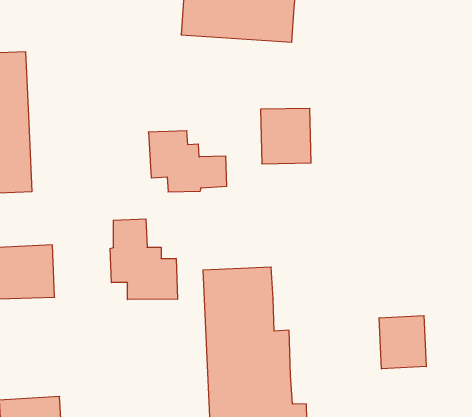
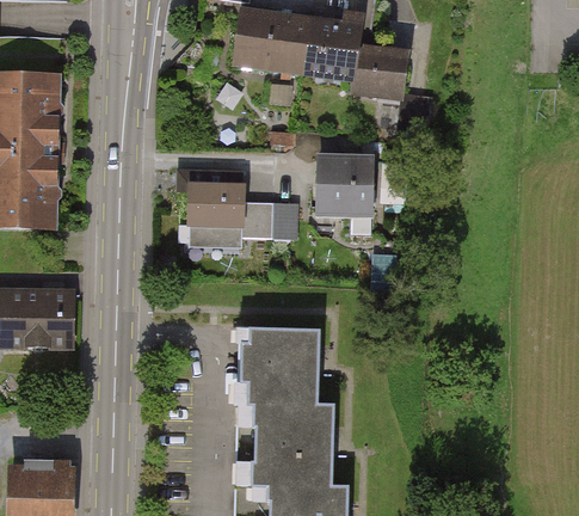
building: none -> [355,42,409,102]
building: [110,219,177,300] -> none
building: [379,316,426,369] -> none

